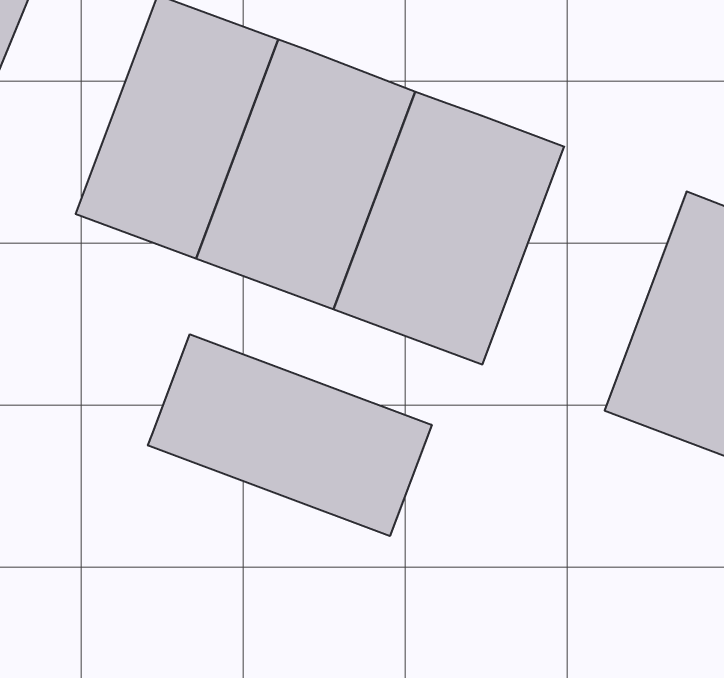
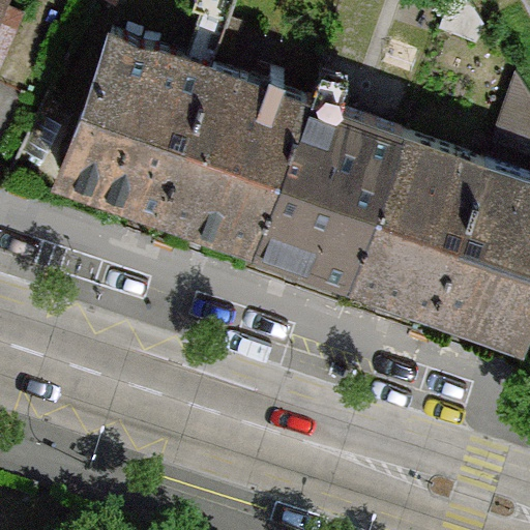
building: none -> [337,134,479,317]
building: [148,334,432,536] -> none

